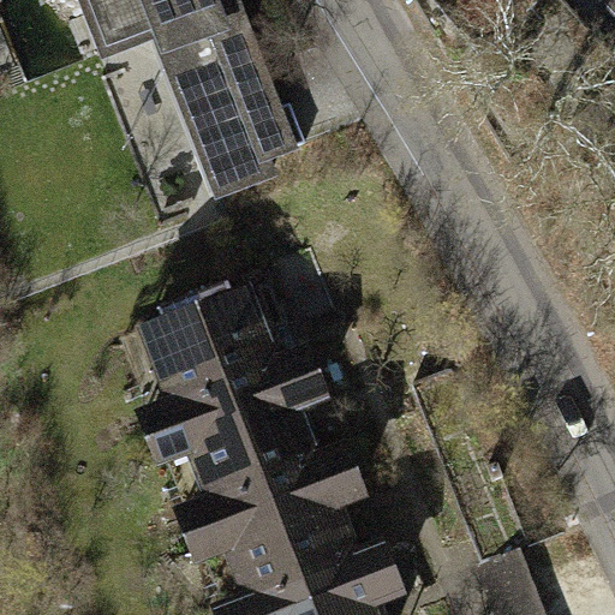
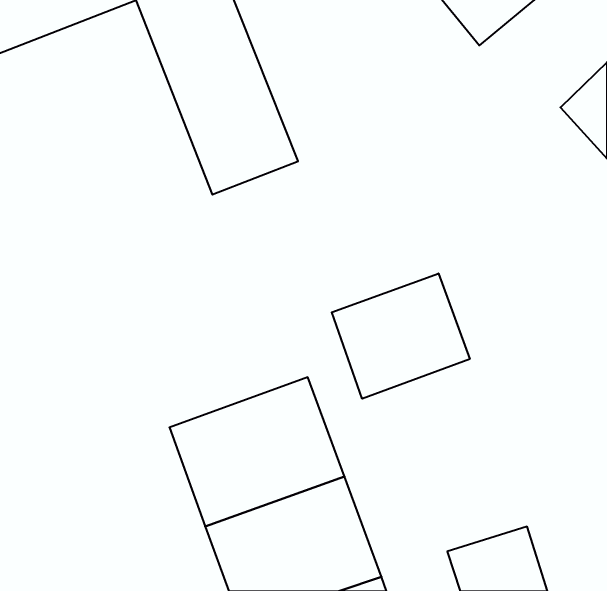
building: none -> [332,273,470,399]
building: [133,277,310,430] -> none

